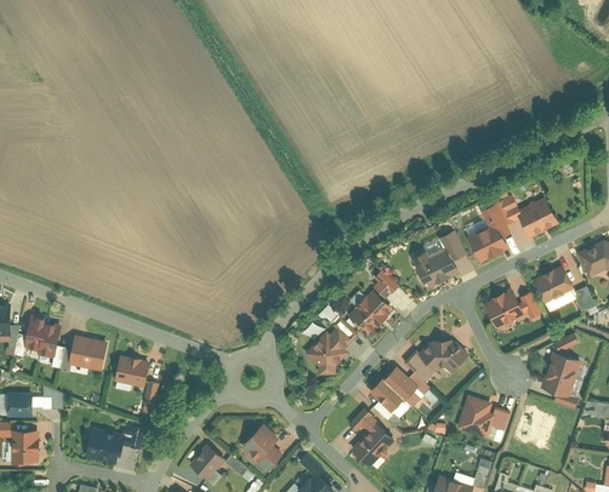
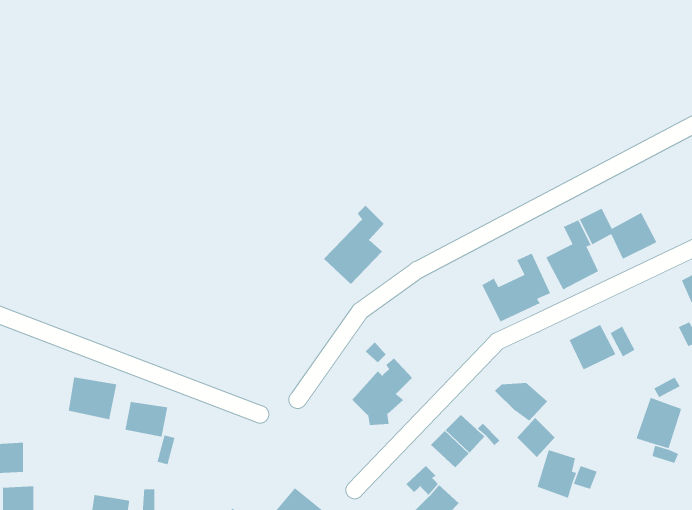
building: [534,267,571,303] -> none
building: [346,270,397,337] -> [323,205,384,285]
building: [25,319,61,355] -> none
building: [408,347,440,381] -> [516,417,556,458]

